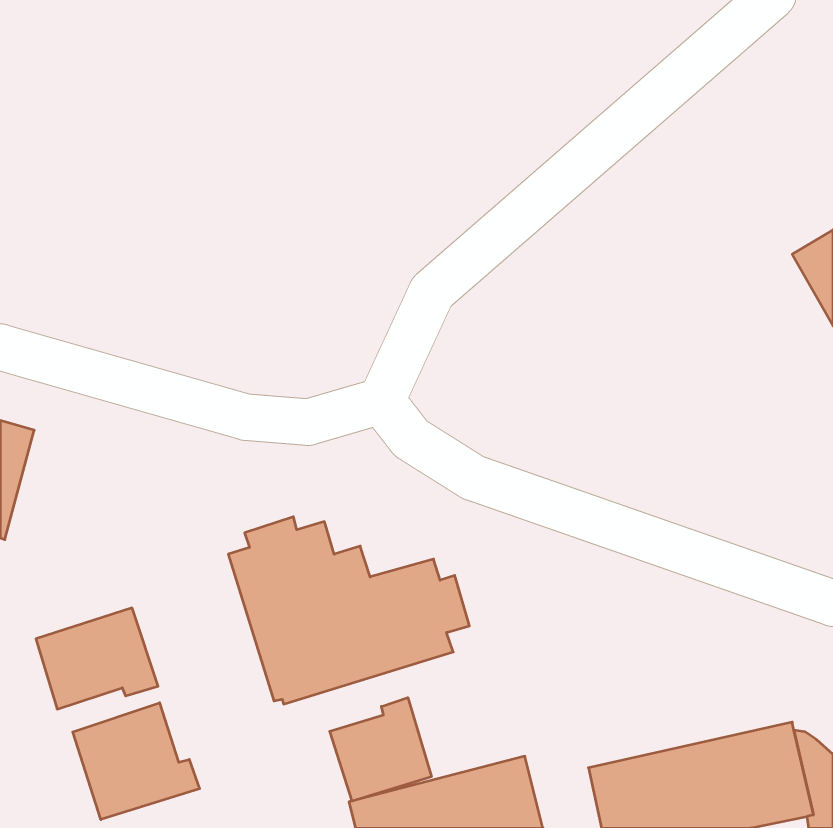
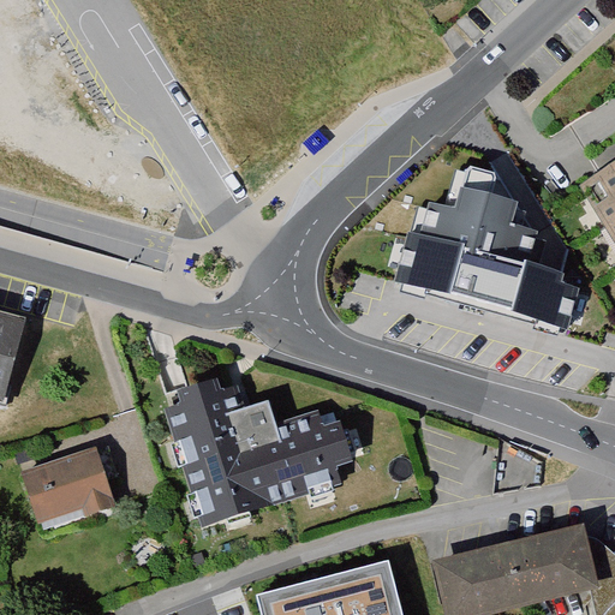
building: none -> [399,168,577,323]
building: [330,698,431,801] -> none
building: [73,703,200,820] -> none

